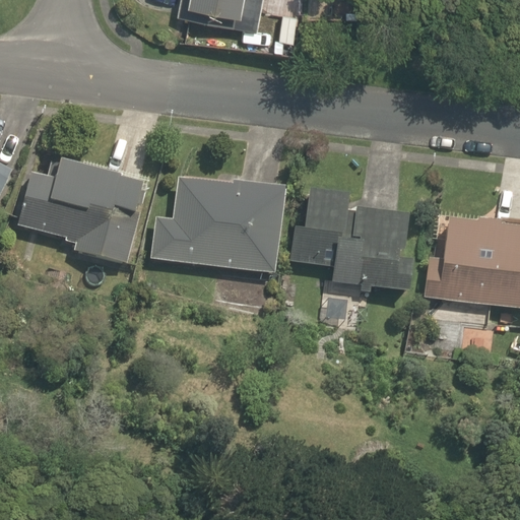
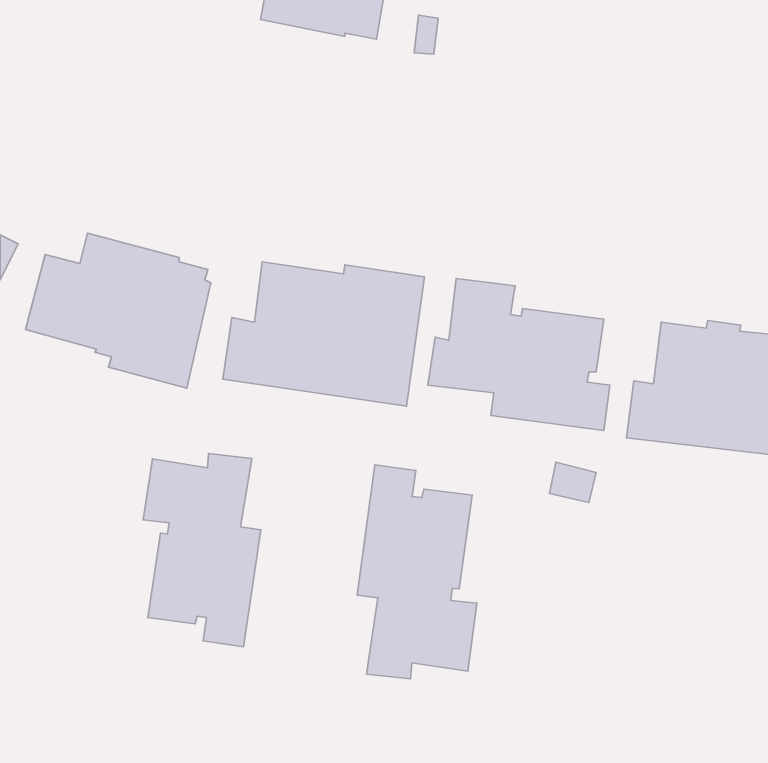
building: none -> [143,453,261,647]
building: none -> [357,465,477,679]

